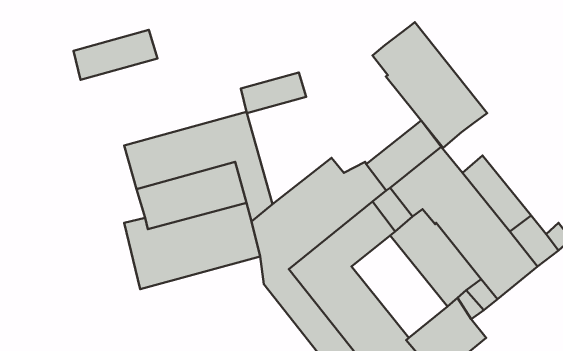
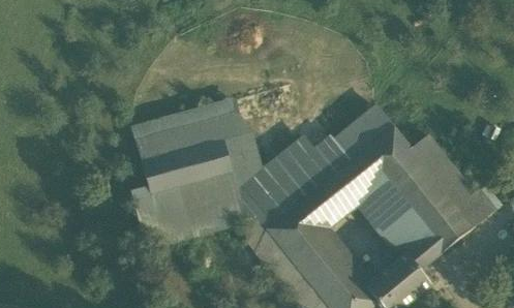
building: [373,22,487,148] -> none
building: [73,30,157,80] -> none
building: [241,73,306,113] -> none

